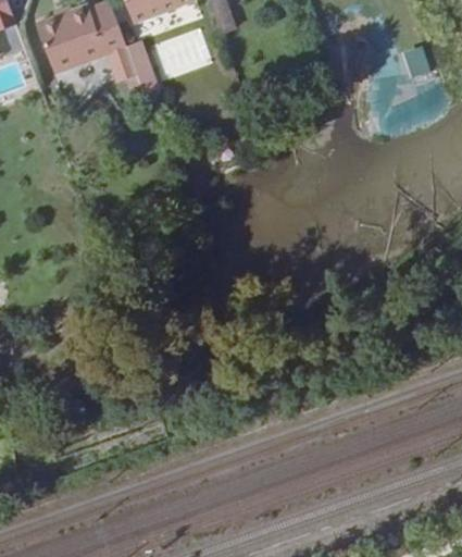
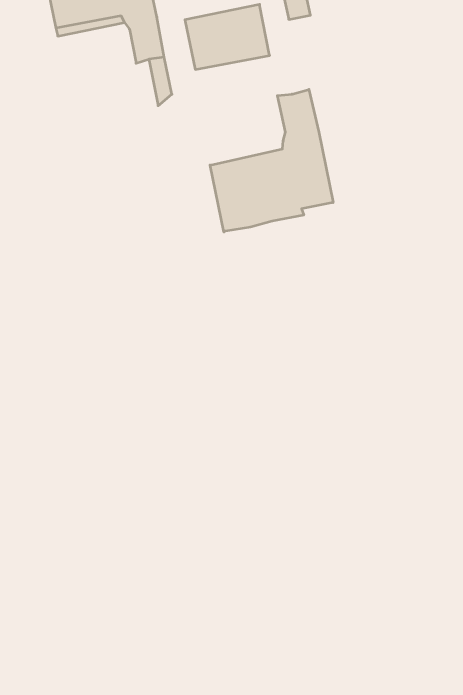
building: none -> [210,89,333,232]

